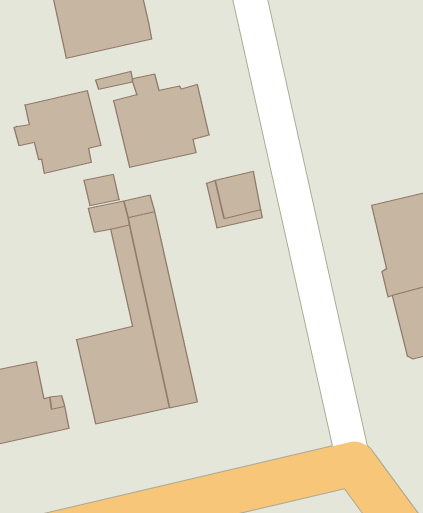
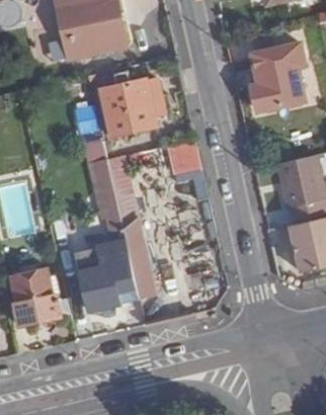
building: none -> [247,44,305,111]
building: [14,91,101,173] -> none

